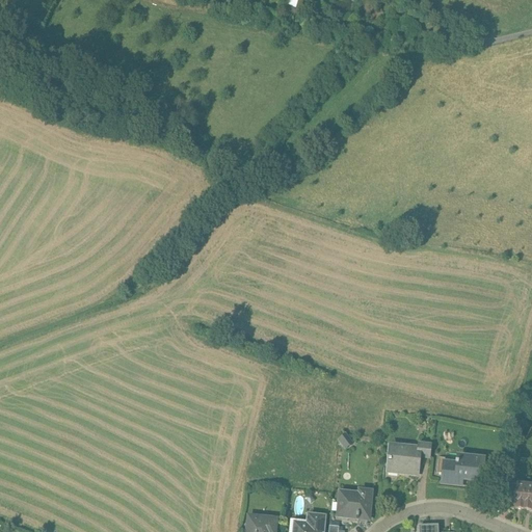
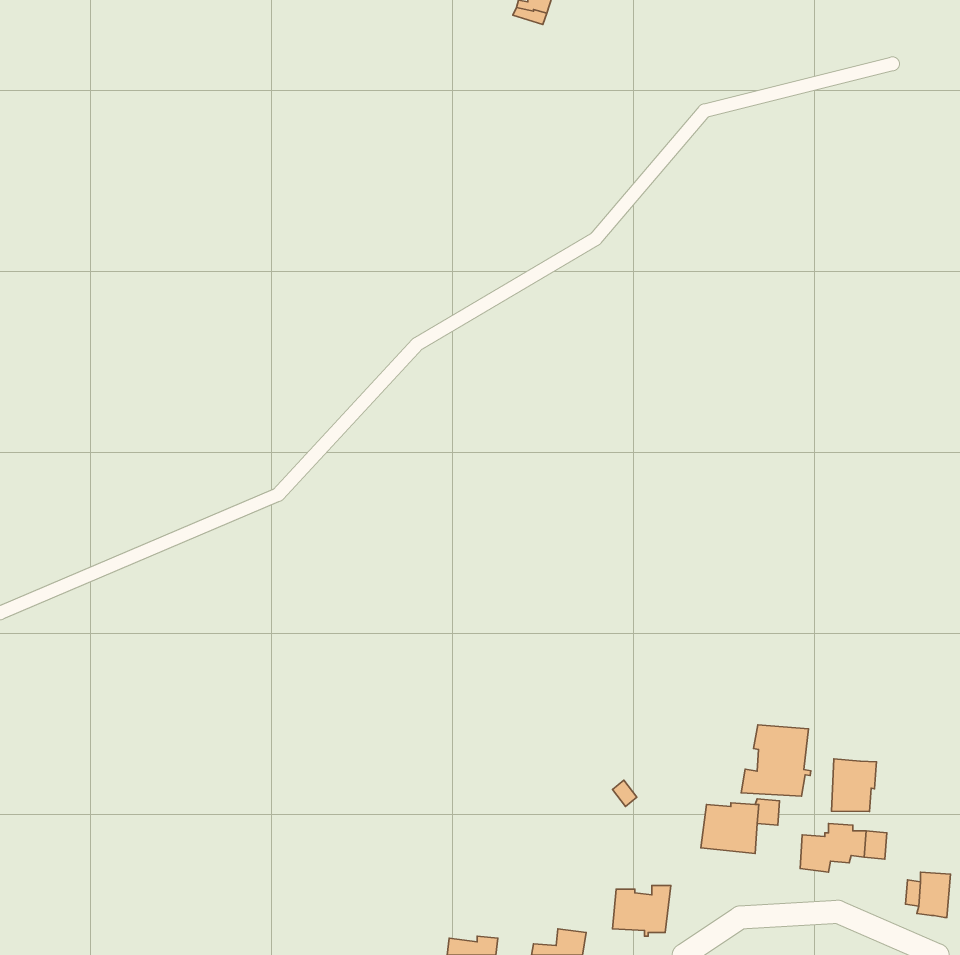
building: none -> [741,725,811,796]
building: none -> [831,759,877,812]

